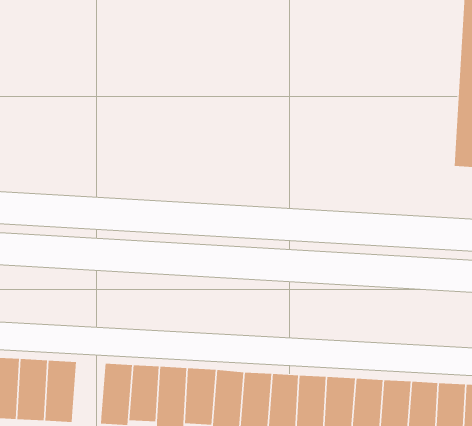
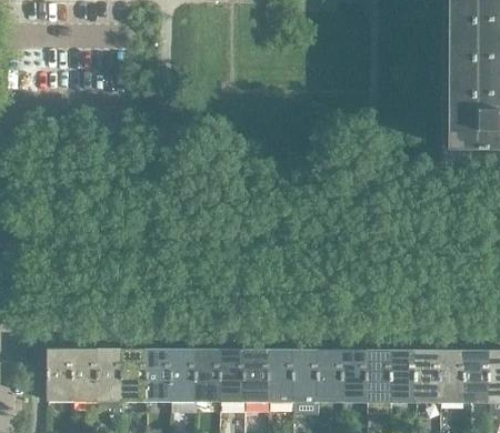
building: none -> [123,349,149,396]

